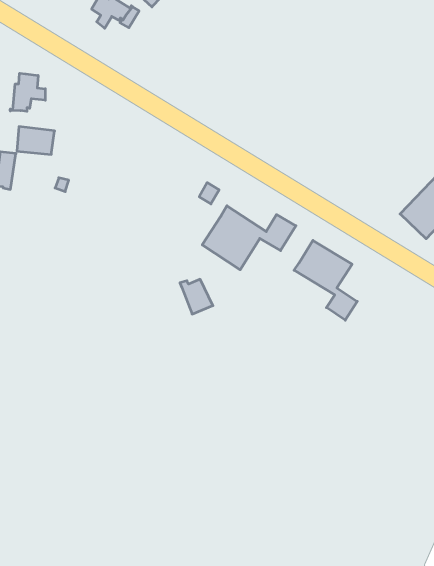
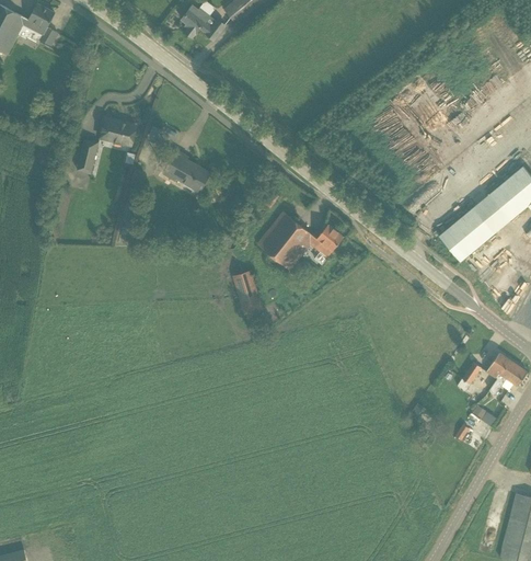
building: [10,73,45,111] -> none
building: none -> [162,151,210,193]
building: [294,240,357,320] -> none

